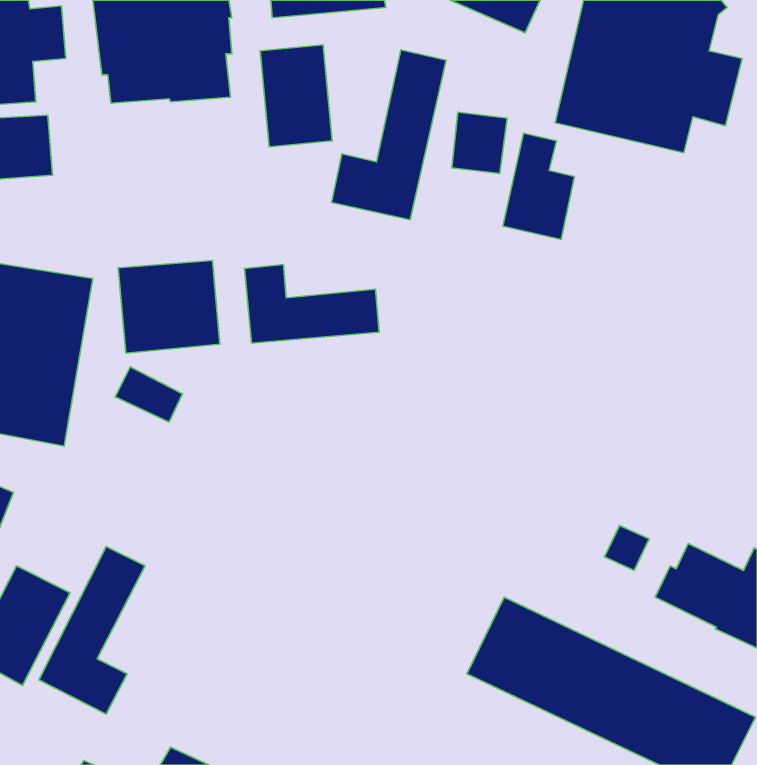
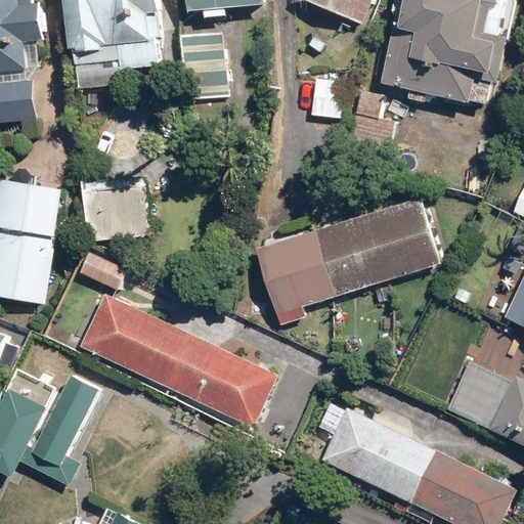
building: [331,50,446,220] -> none
building: [245,265,379,343] -> none
building: none -> [256,198,439,315]
building: none -> [80,294,276,428]

